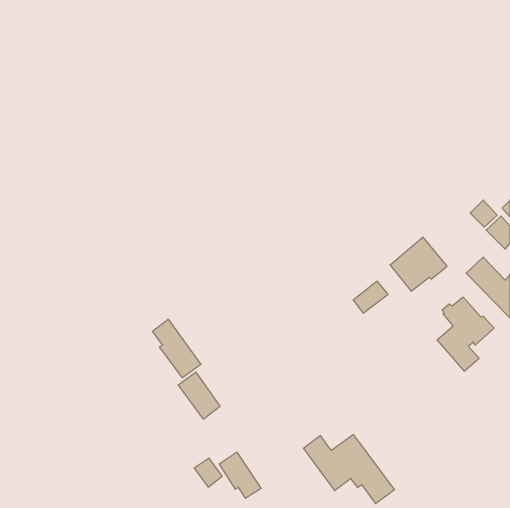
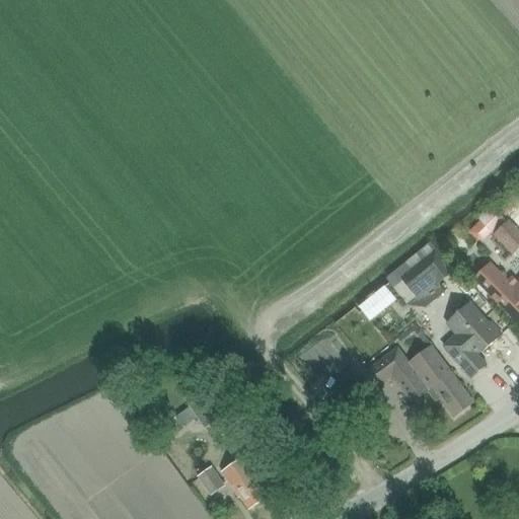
building: [153,319,201,378] -> none
building: [303,435,394,504] -> [380,345,472,415]

